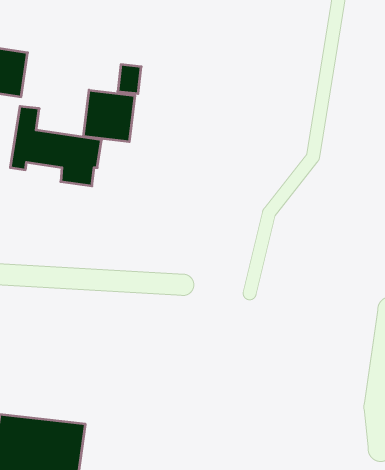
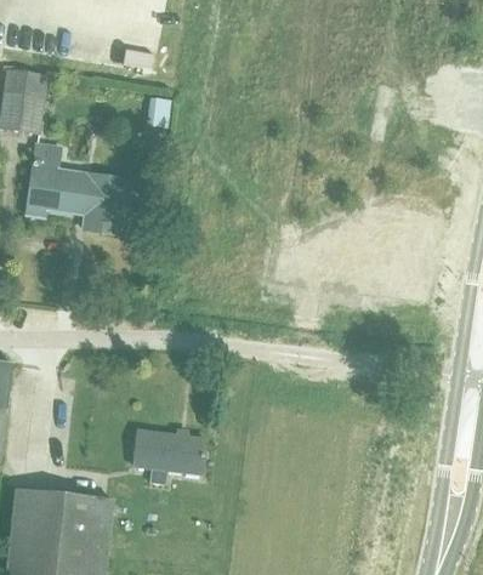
building: [84,90,135,142] -> none
building: none -> [132,428,203,482]

